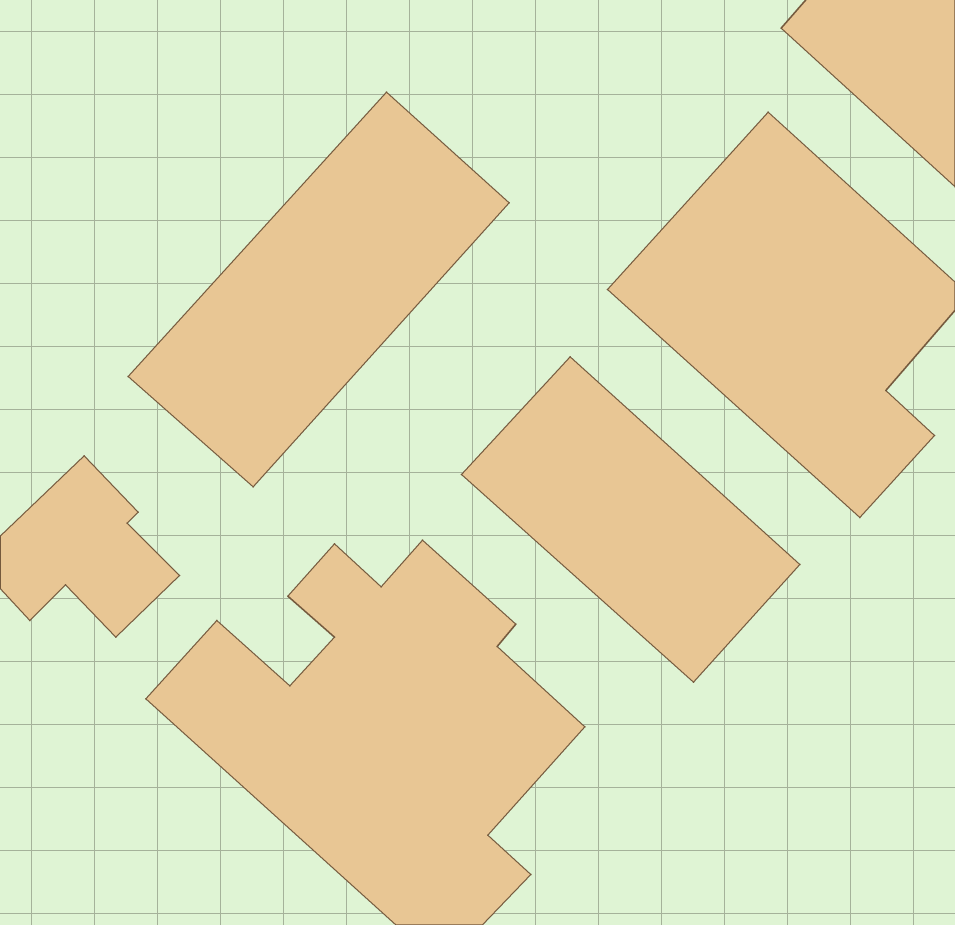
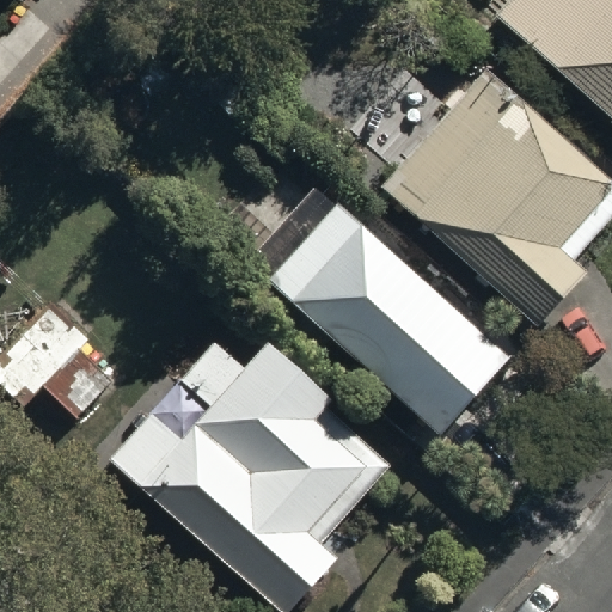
building: [128,92,509,487] -> none

